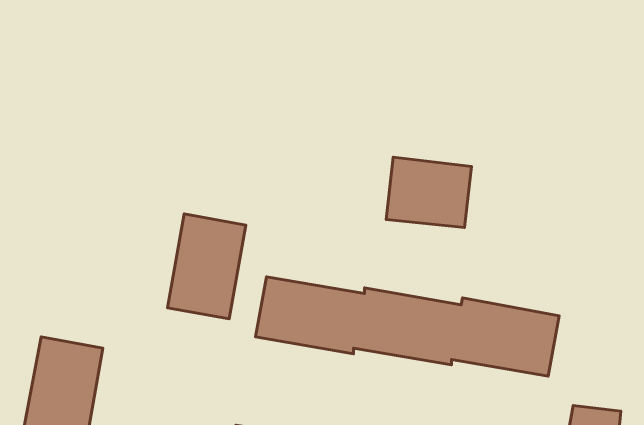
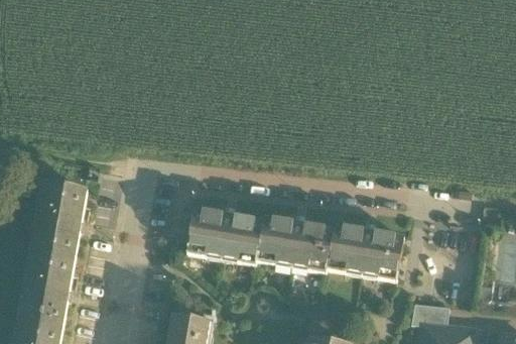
building: [386,157,471,227] -> none
building: [167,214,246,319] -> [31,182,88,257]

